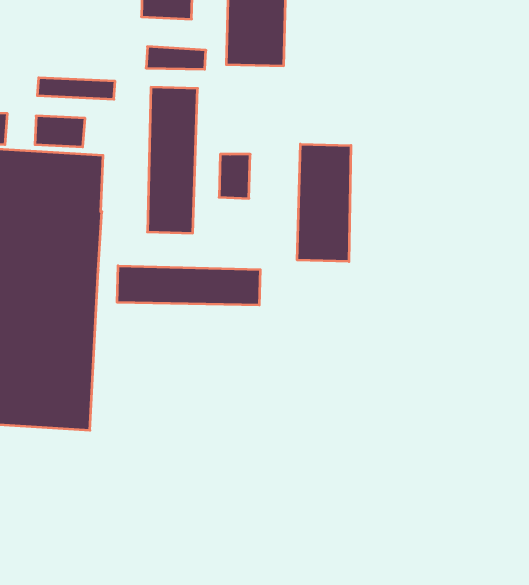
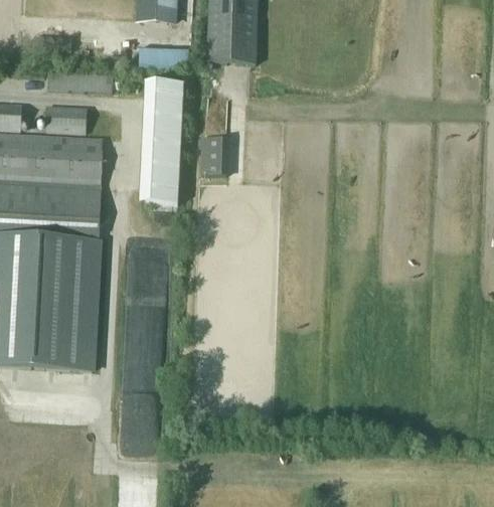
building: [297,144,351,262] -> none
building: [117,266,260,305] -> none

